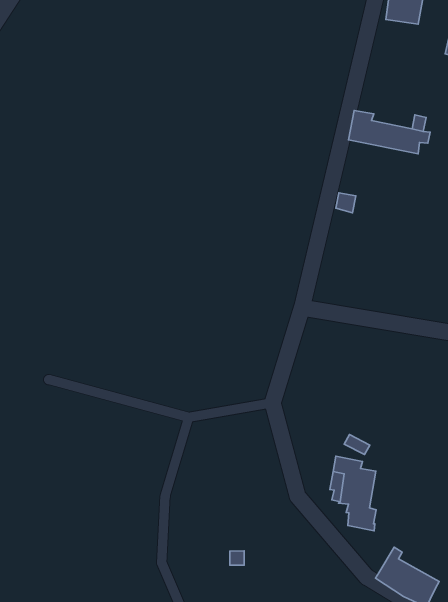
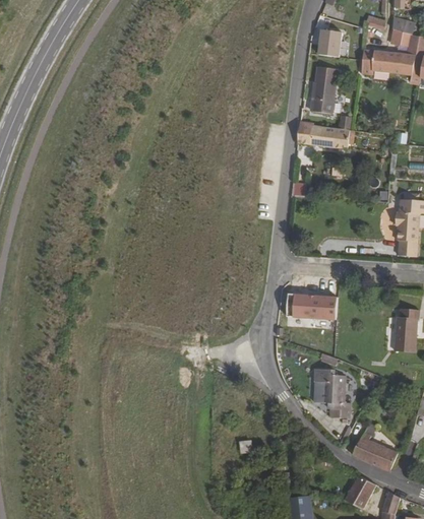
building: none -> [313,66,340,113]
building: none -> [290,293,332,318]

